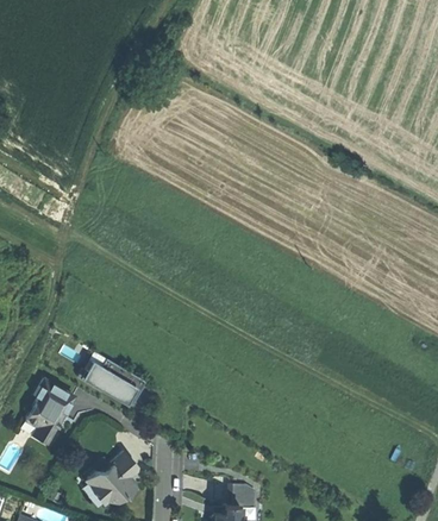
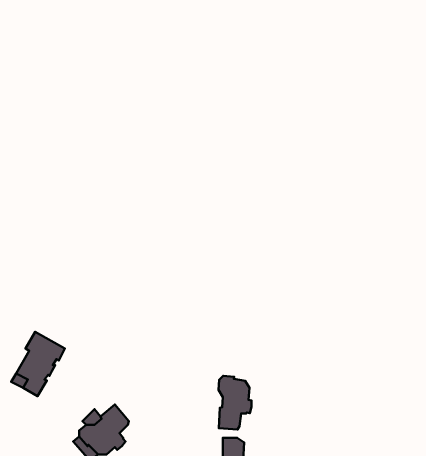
building: [82,360,146,406] -> none
building: none -> [219,376,251,429]

